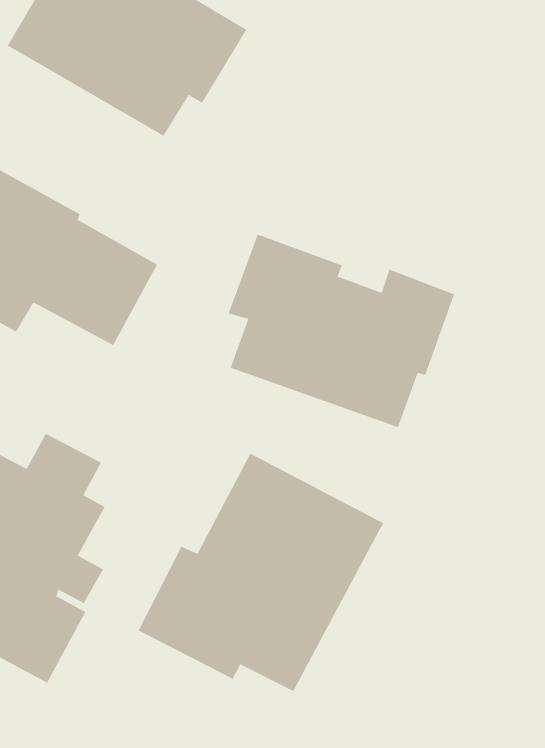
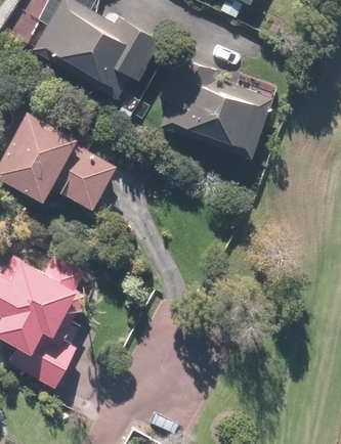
building: [228,234,455,428] -> [160,56,280,159]
building: [138,453,384,692] -> none

